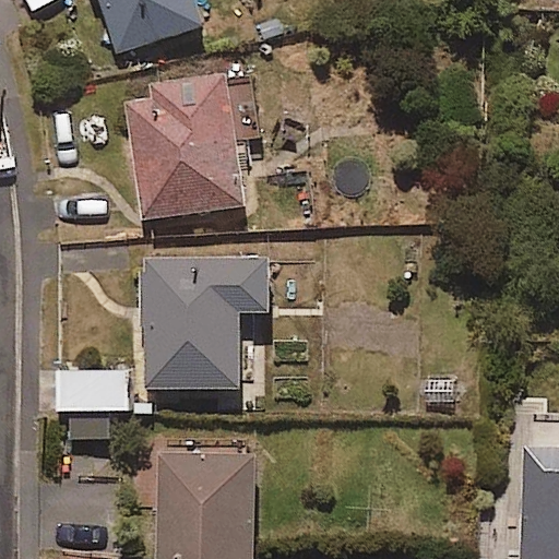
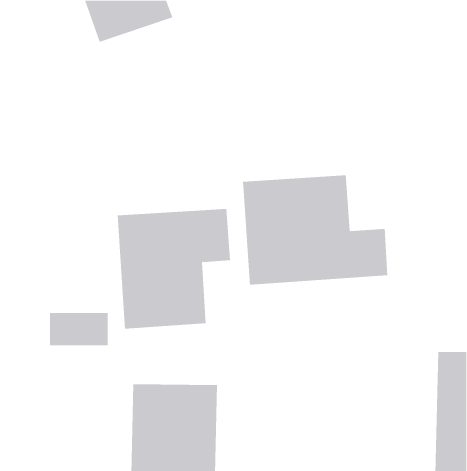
building: [127,74,259,218] -> none
building: none -> [243,175,388,286]

